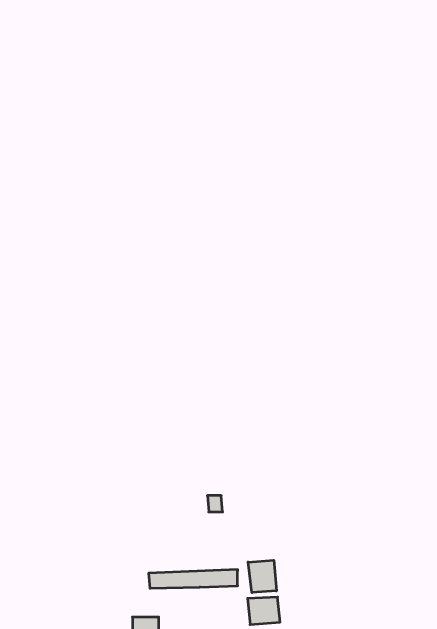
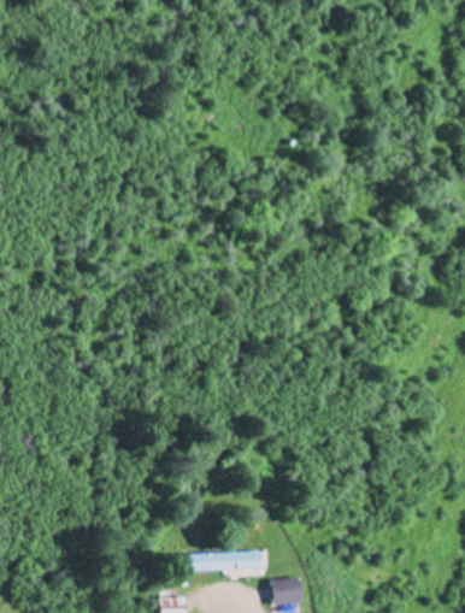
building: [248,560,276,593] -> none

